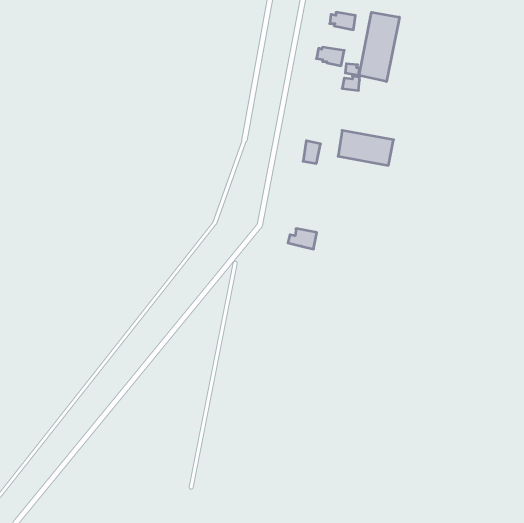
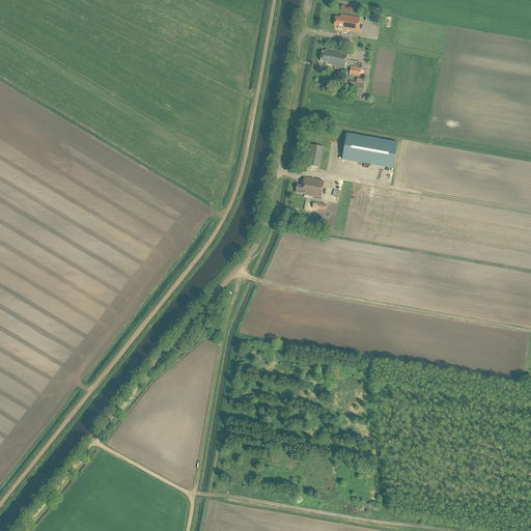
building: [359,12,399,82] -> none
building: [288,229,317,249] -> [295,175,324,196]

